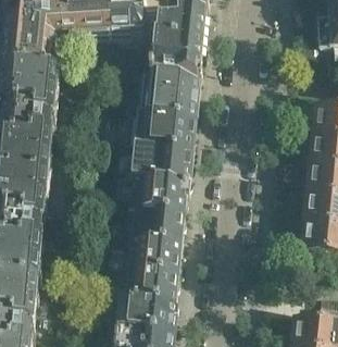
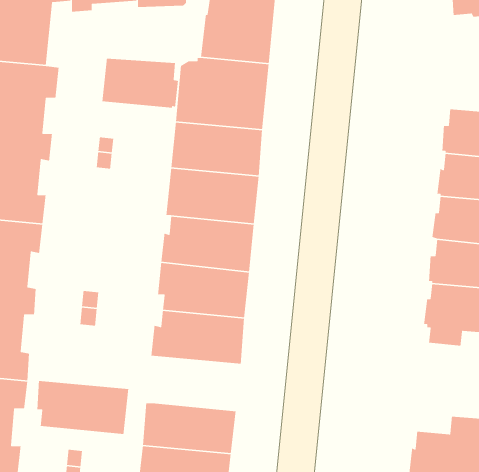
building: none -> [102,58,179,109]
building: [120,267,180,302] -> [37,380,129,435]

